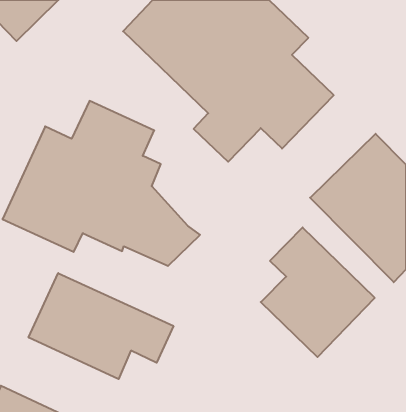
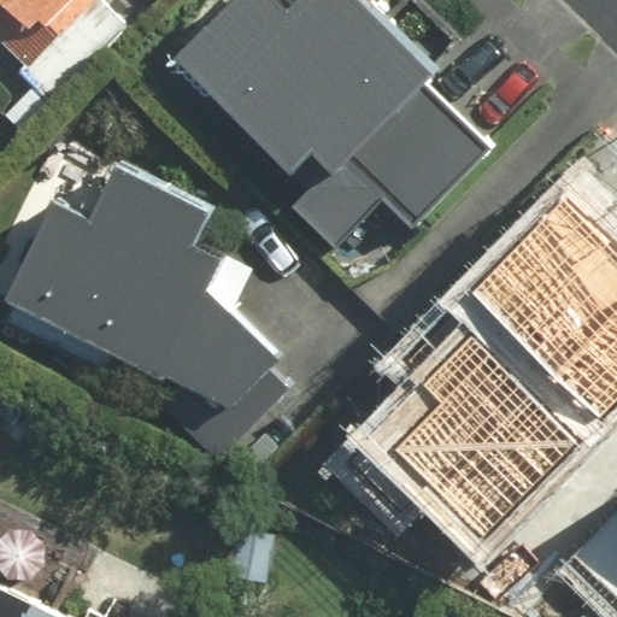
building: [29,273,173,379] -> none

